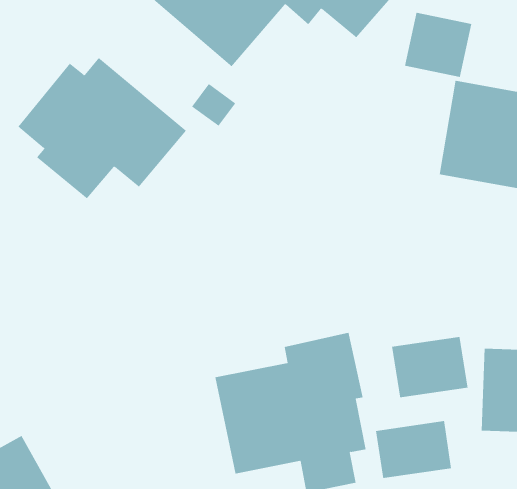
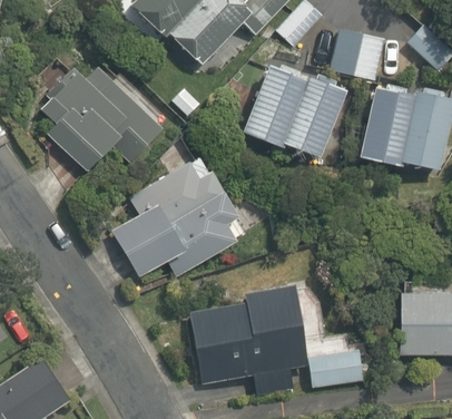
building: none -> [243,60,347,162]
building: none -> [109,149,237,277]
building: [392,336,468,398] -> none

